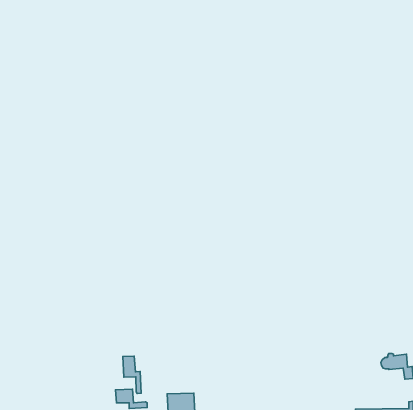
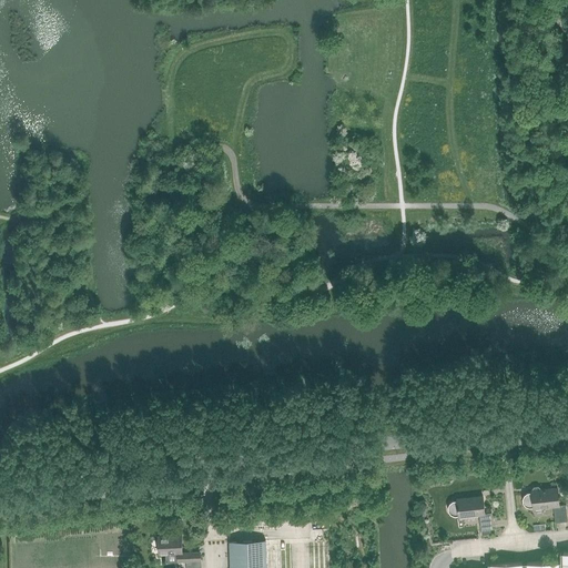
building: [123,356,141,394] -> none
building: none -> [448,499,494,535]

